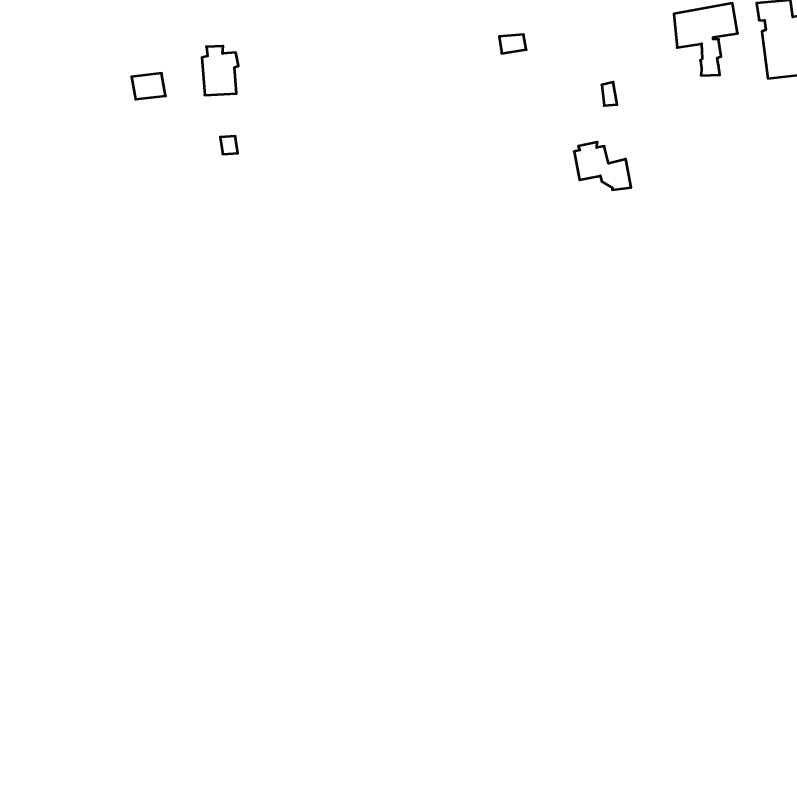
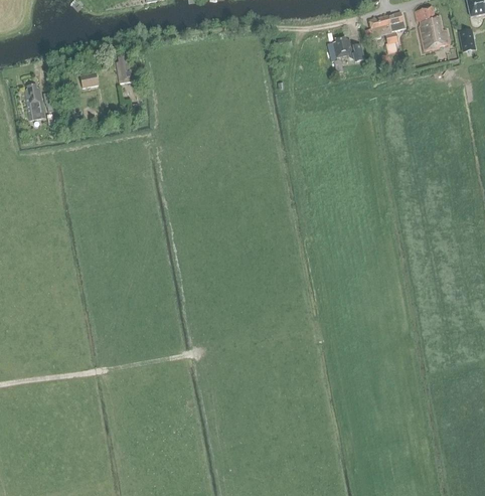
building: none -> [24,84,43,119]
building: [574,142,631,190] -> [332,35,364,60]

